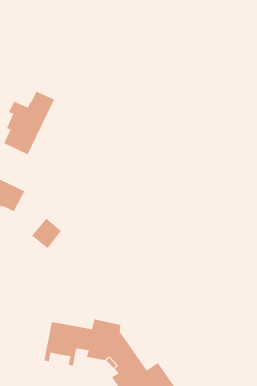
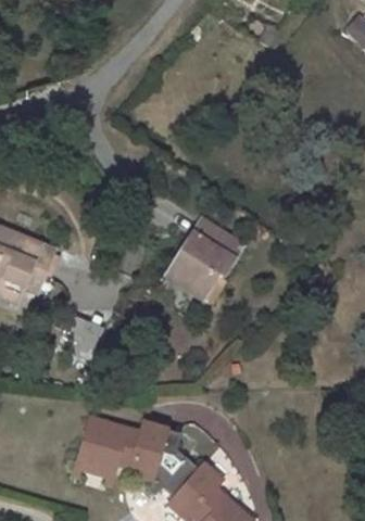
building: [3,91,55,155] -> none
building: none -> [168,228,239,305]

